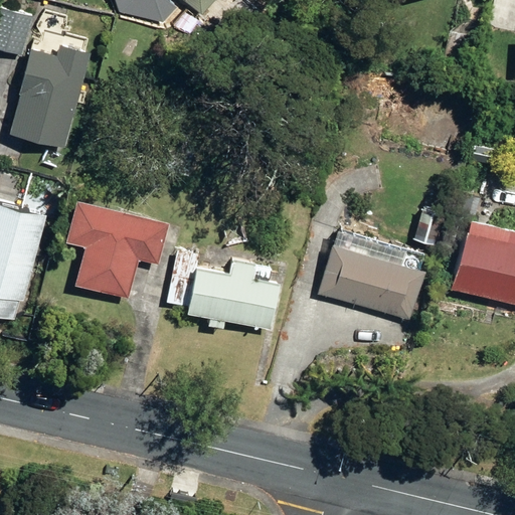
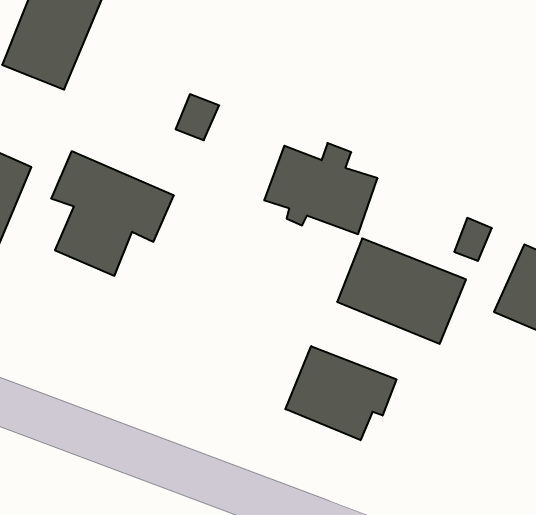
building: [187,256,281,330] -> [264,143,378,234]
building: none -> [285,346,396,440]

